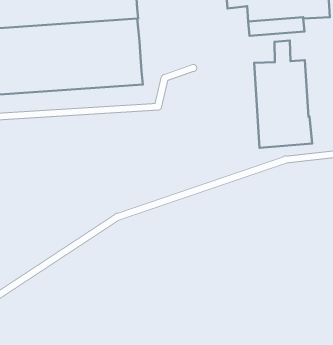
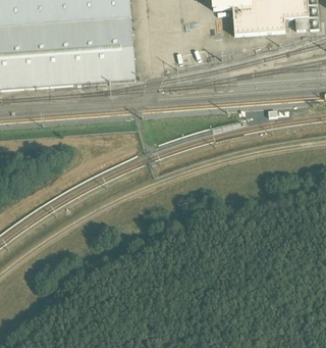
building: [254,41,312,148] -> none

